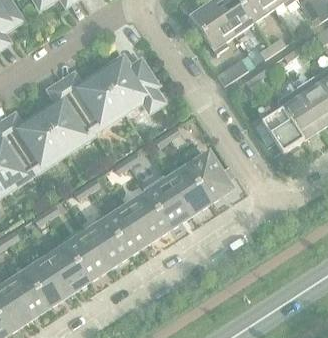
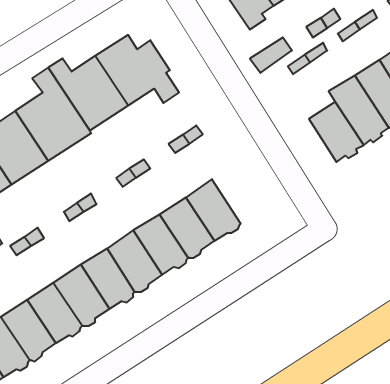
building: [187,153,230,200] -> none

